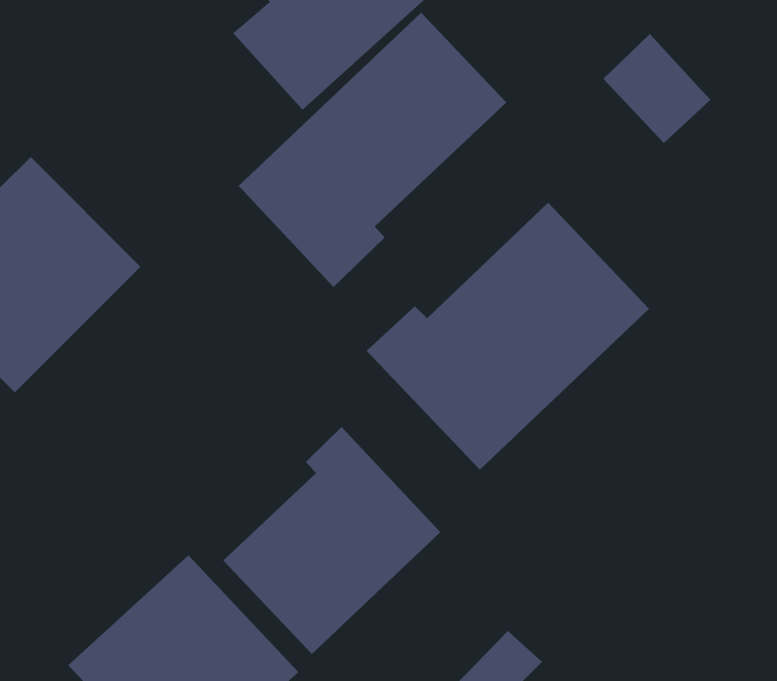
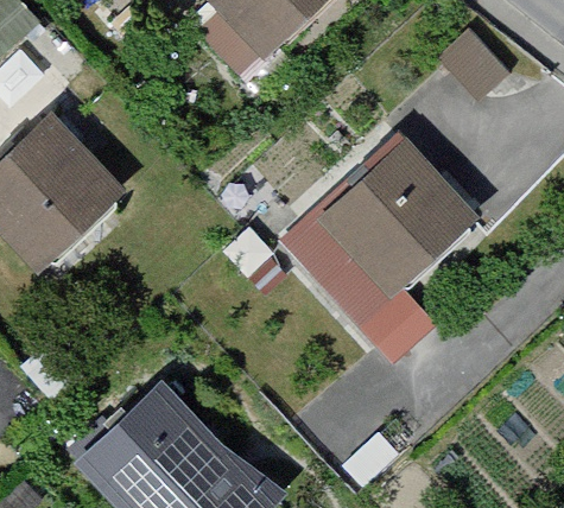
building: [238,12,507,288] -> none
building: [222,426,441,655] -> none

